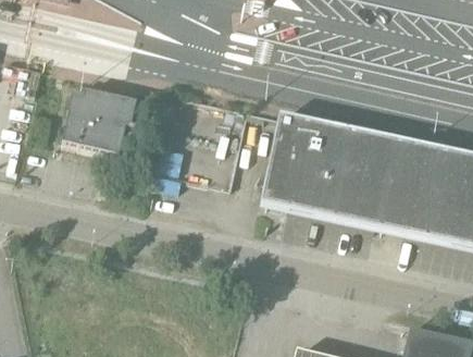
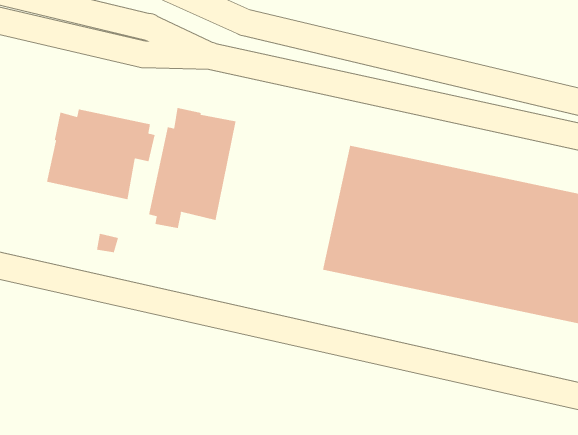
building: none -> [149,107,236,229]

